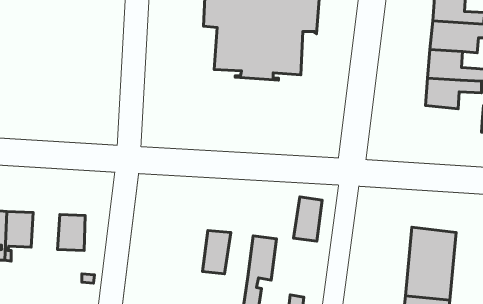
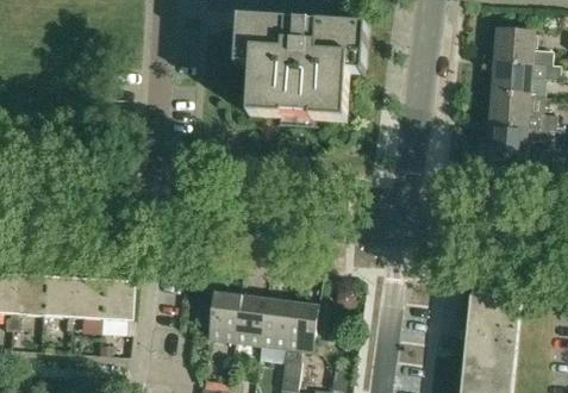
building: [294,197,322,241] -> [261,298,293,348]
building: none -> [43,275,75,317]
building: none -> [102,279,132,319]
building: none -> [210,292,242,342]

